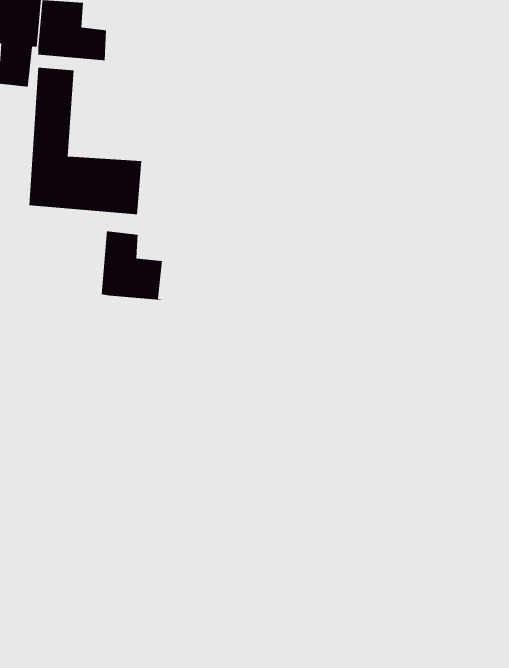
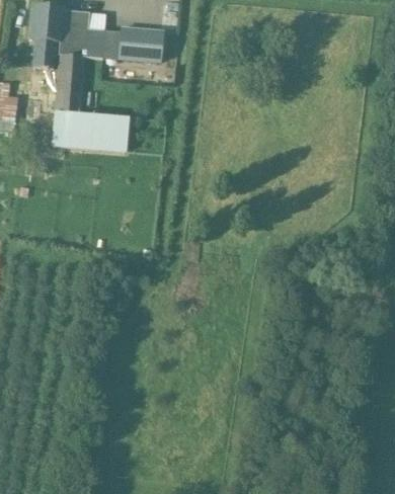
building: none -> [116,26,161,62]
building: [101,230,163,301] -> none

